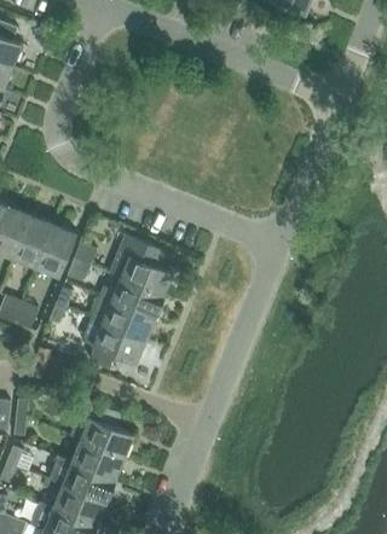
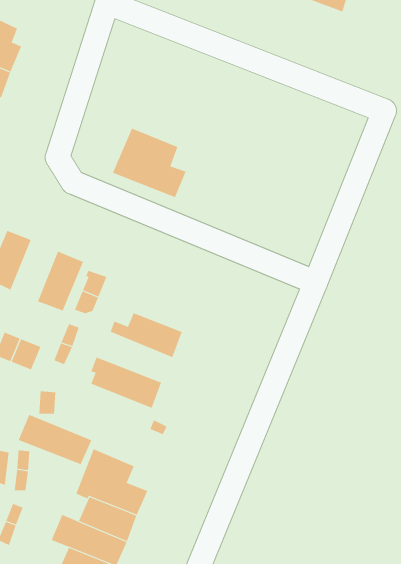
building: [11,215,52,269] -> none
building: [106,234,172,296] -> [112,128,186,198]
building: [88,296,154,341] -> [18,414,92,465]

